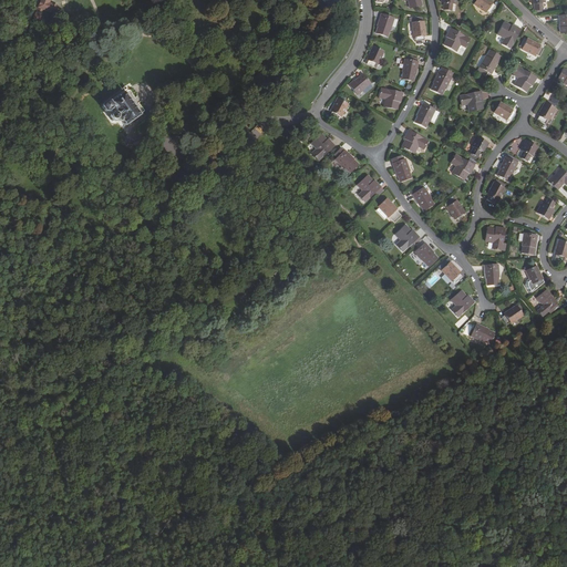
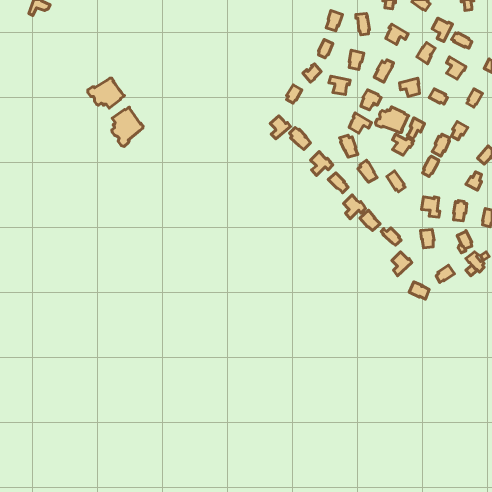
building: none -> [375,107,409,133]
building: none -> [112,107,143,146]

